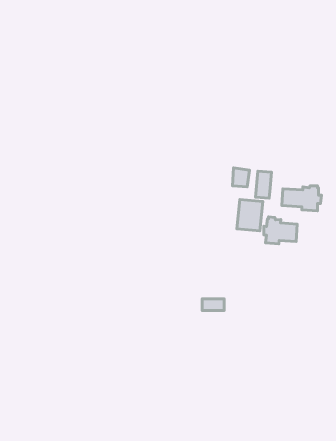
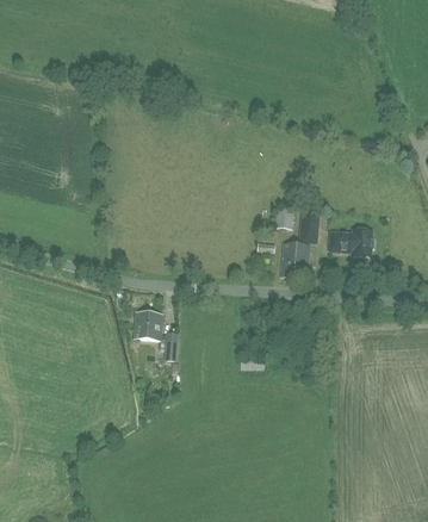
building: [264,217,297,244] -> none
building: none -> [136,311,179,359]

